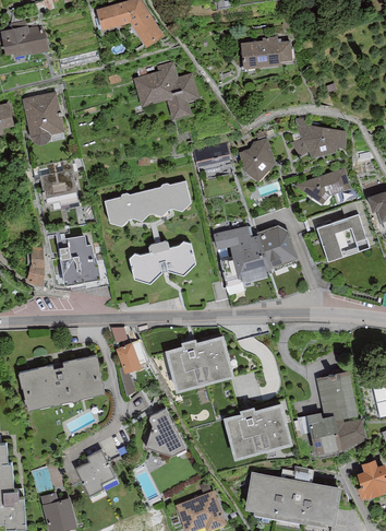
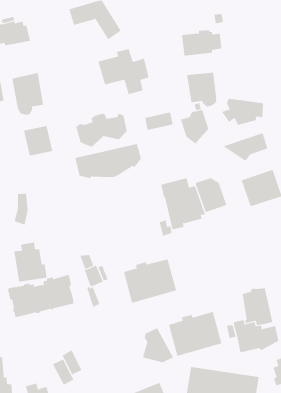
building: none -> [186,72,217,107]
building: [58,238,101,290] -> [13,242,48,282]
building: [129,245,195,288] -> [76,113,128,148]
building: [146,405,186,450] -> [142,328,174,363]

